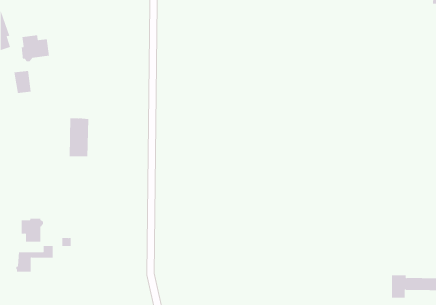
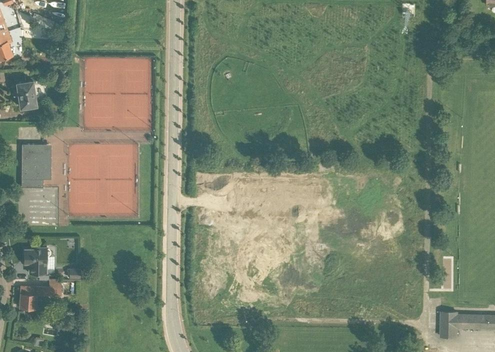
building: [21,35,49,62] -> none
building: [69,118,89,157] -> [21,144,44,188]

